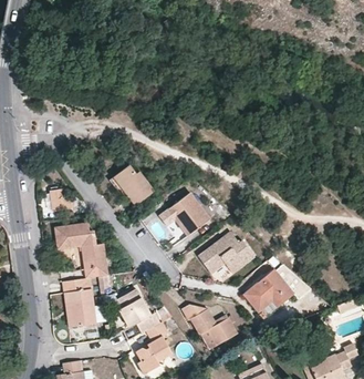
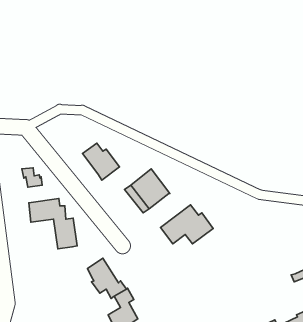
building: [241,268,292,311] -> none
building: [62,278,96,327] -> none
building: [180,304,232,348] -> none

